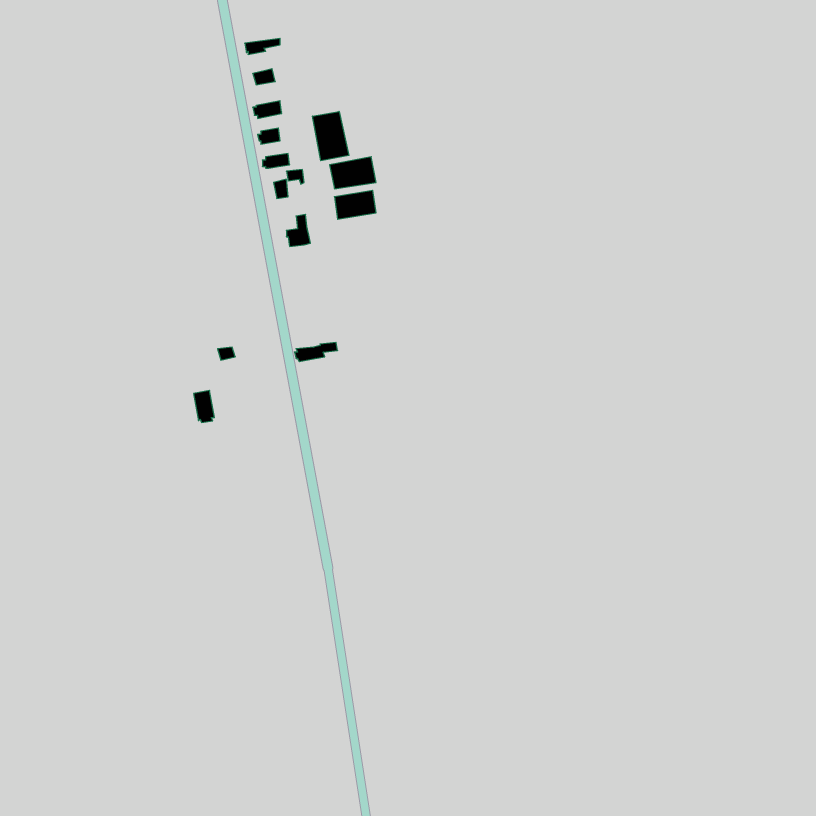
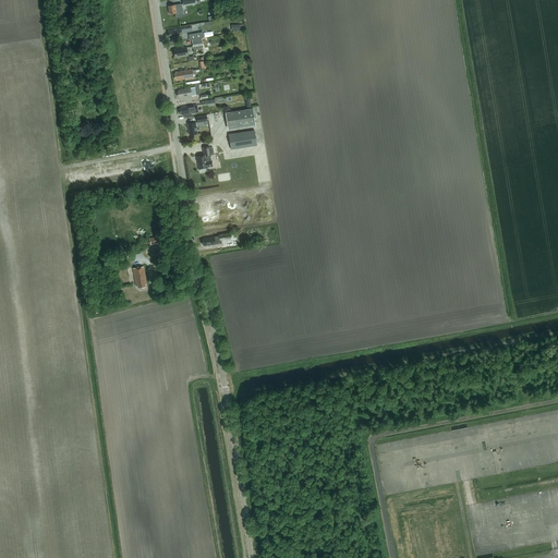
building: [313,111,349,161] -> none

